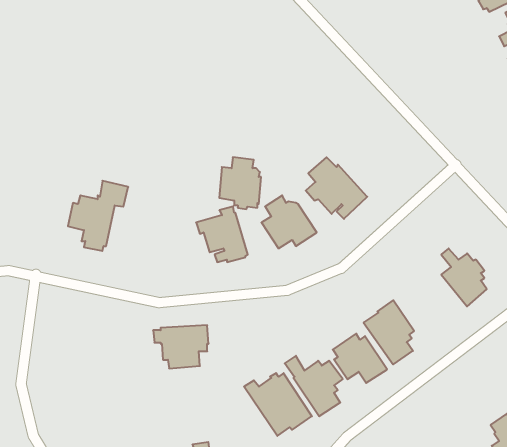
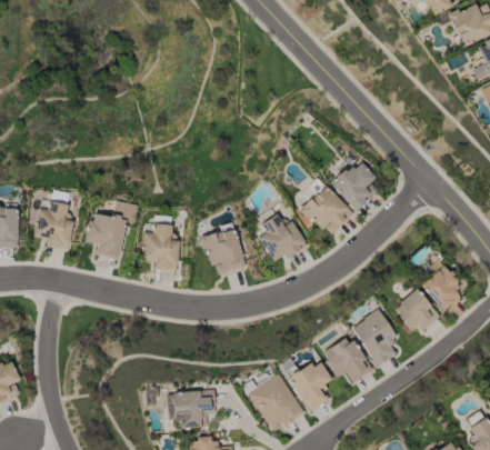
building: none -> [332,162,377,211]
building: [219,157,261,209] -> [142,223,180,270]
building: none -> [33,190,76,249]
building: none -> [396,289,441,331]
building: [153,325,209,368] -> [167,390,217,429]

